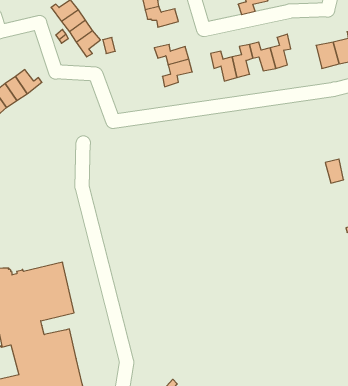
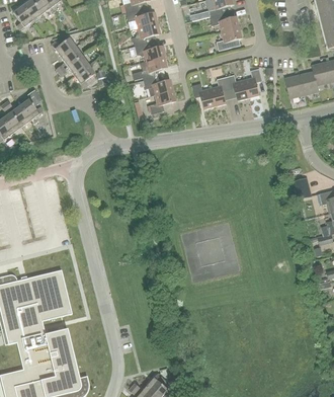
building: none -> [132,56,166,79]

